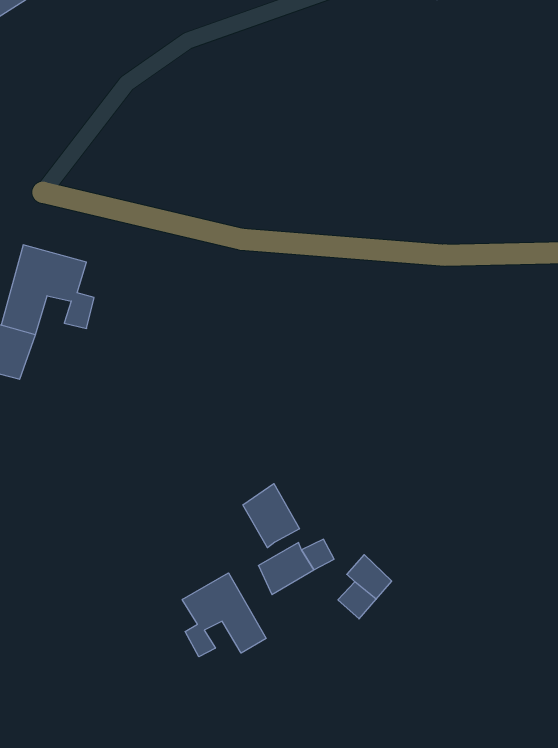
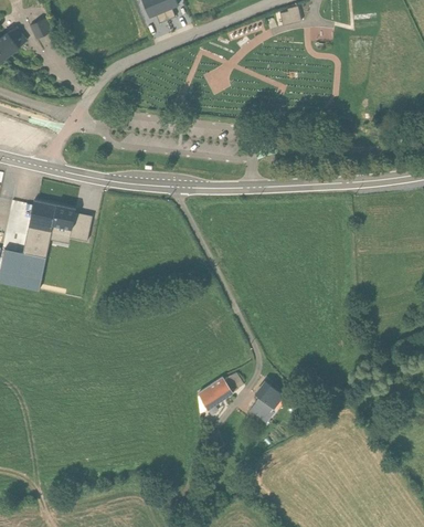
building: [243,484,299,548] -> none
building: [182,573,266,657] -> none

